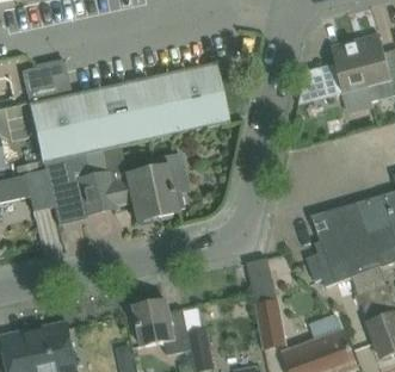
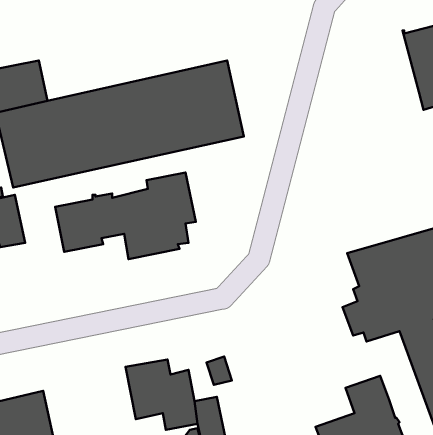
building: [297,37,372,113] -> none
building: [43,149,106,224] -> none
building: [246,256,284,349] -> none

